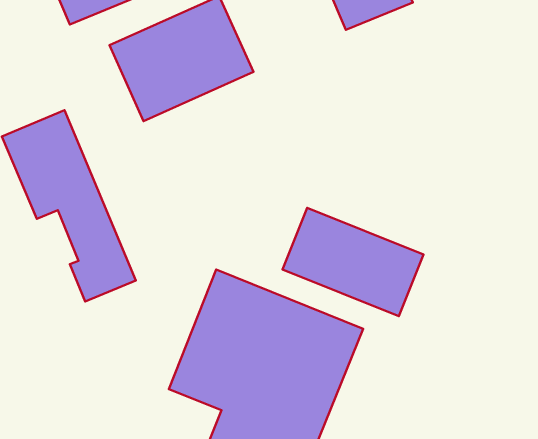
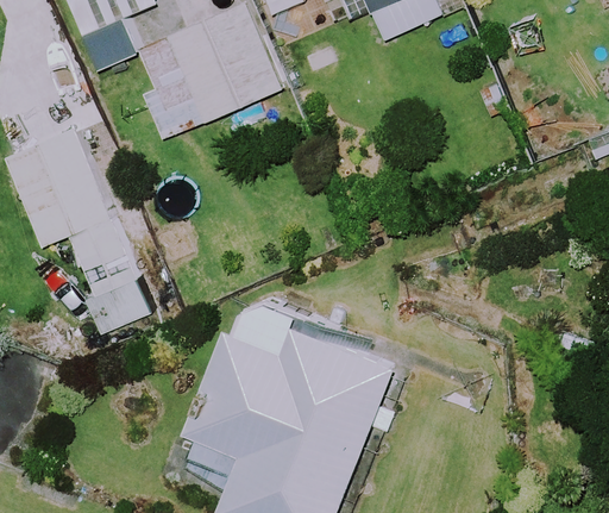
building: [283,208,423,316] -> none

